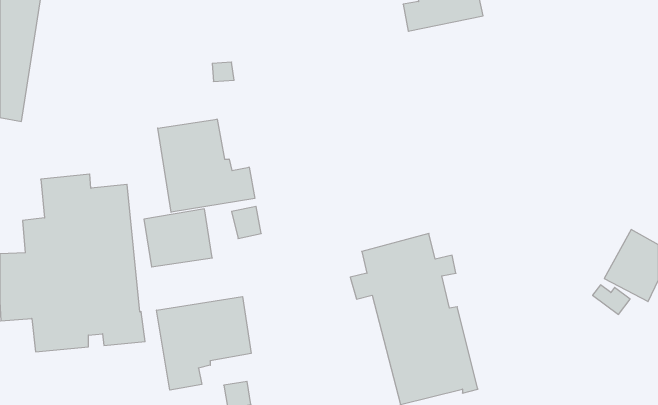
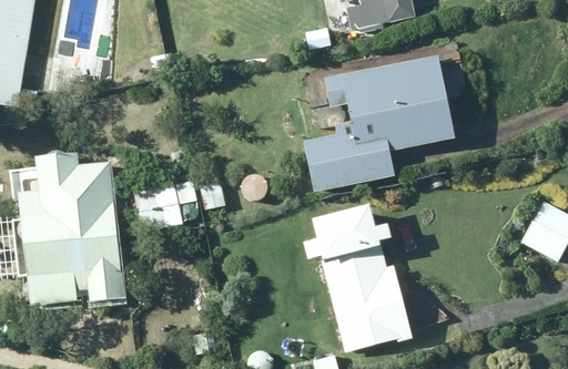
building: none -> [304,55,456,192]
building: [158,119,255,212] -> none
building: [157,297,251,390] -> none

